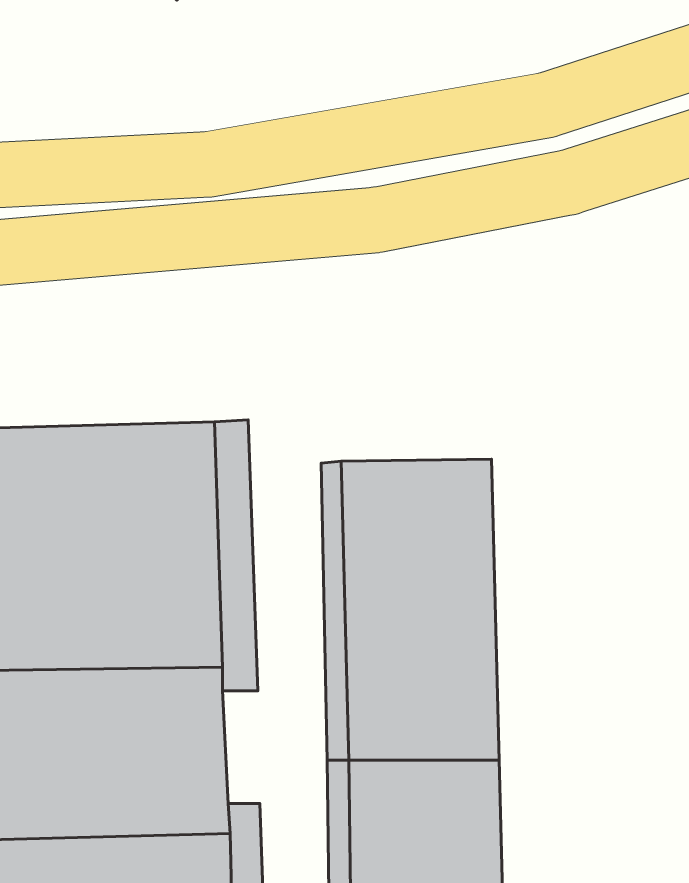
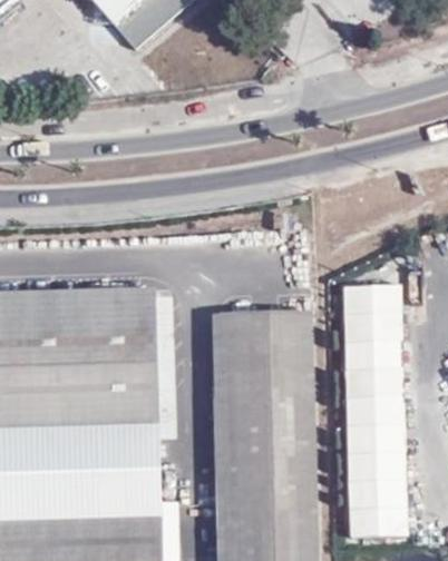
building: none -> [342,282,408,534]

